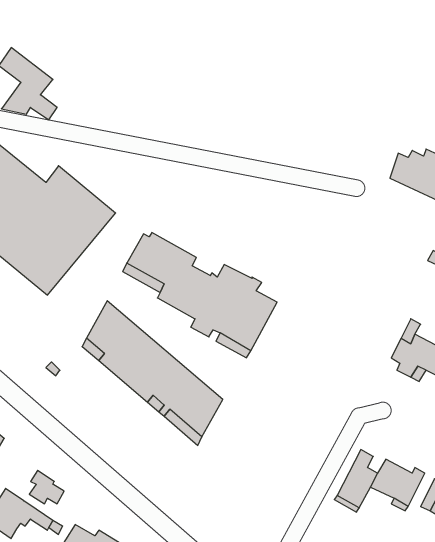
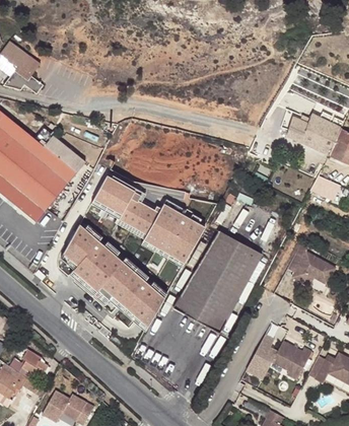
building: none -> [173,229,263,333]

